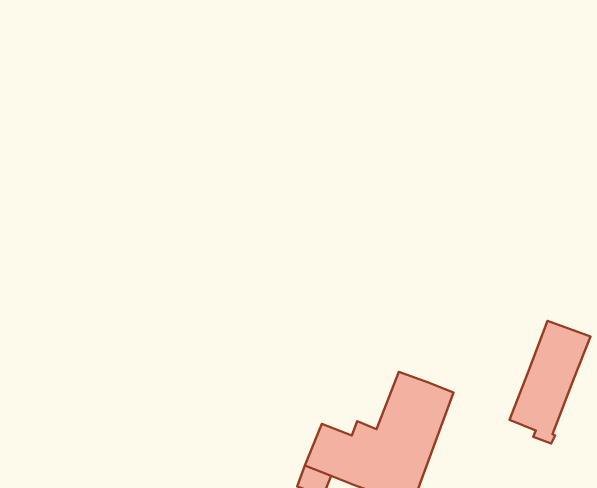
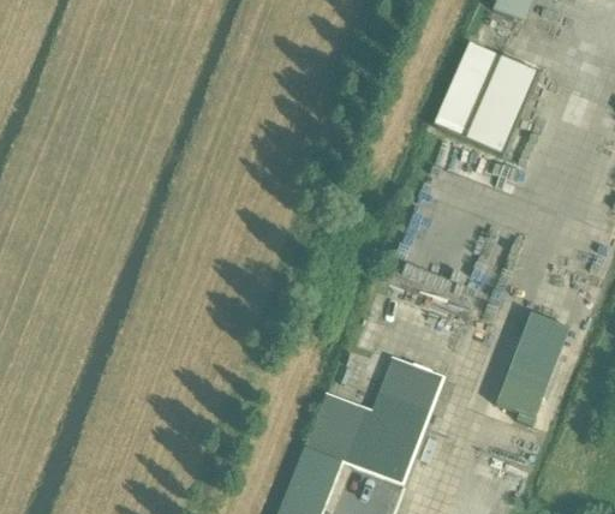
building: none -> [432,43,536,163]

